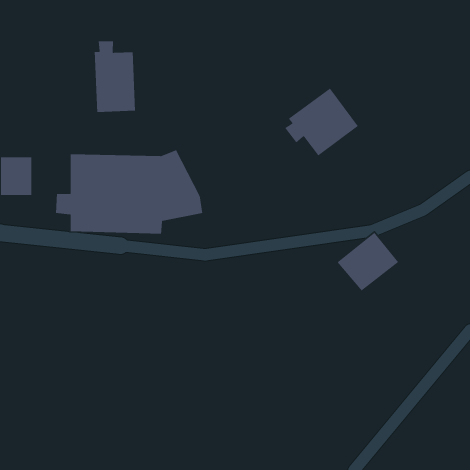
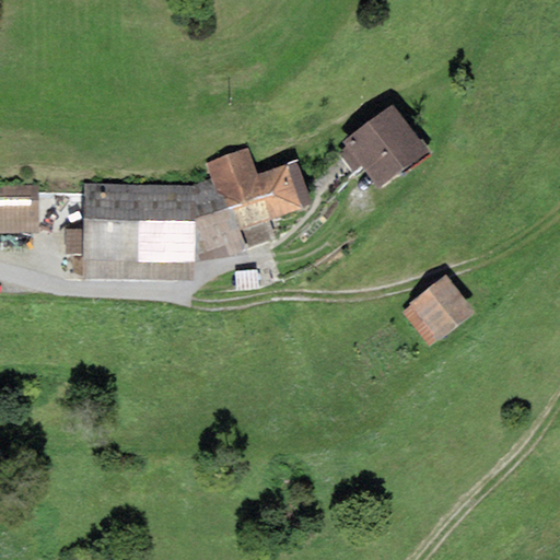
building: [94,41,136,113] -> none
building: none -> [205,149,311,233]

